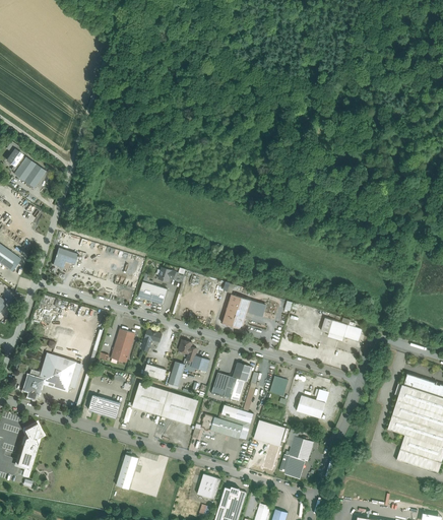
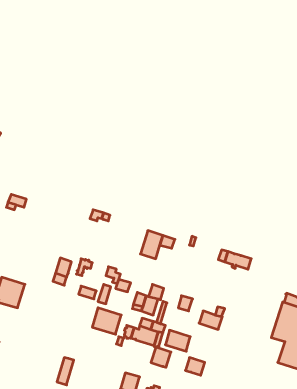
building: [138,281,168,304] -> none
building: [132,382,169,415] -> none
building: [88,394,121,418] -> none
building: [289,436,314,461] -> [151,347,171,367]

